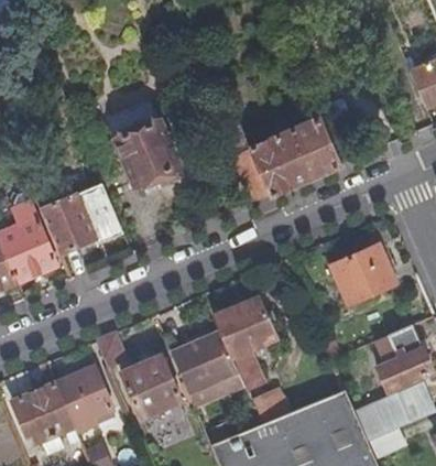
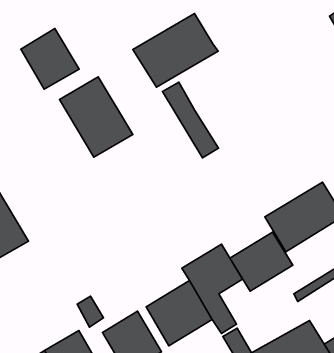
building: none -> [21,29,79,89]
building: [252,119,344,193] -> [133,13,218,87]
building: [39,182,121,254] -> none
building: none -> [230,232,293,291]

